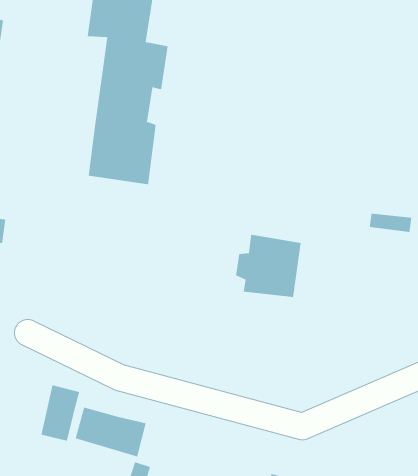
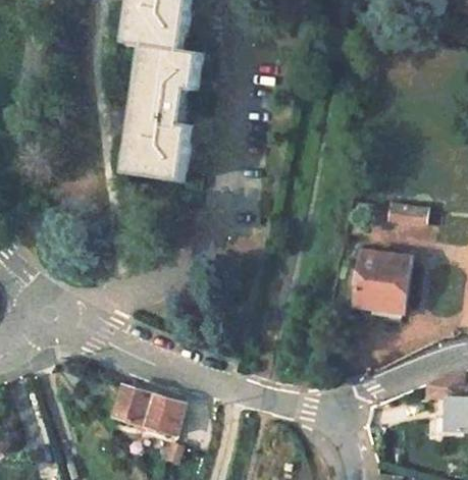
building: [235,234,302,297] -> [348,252,410,311]
building: [41,384,80,441] -> none

